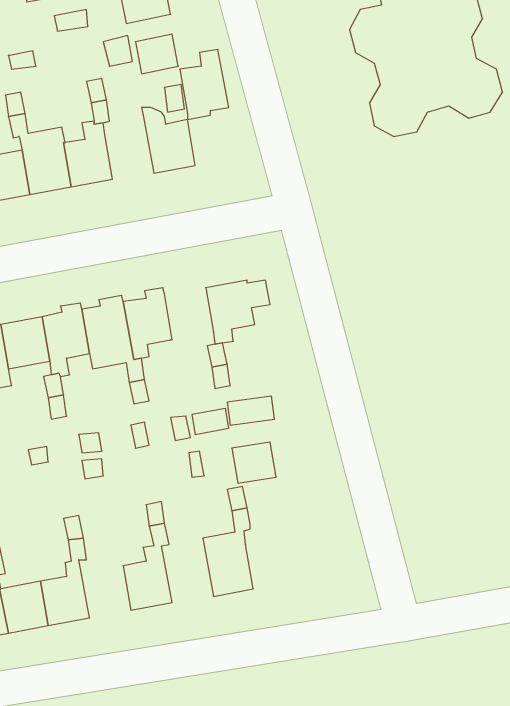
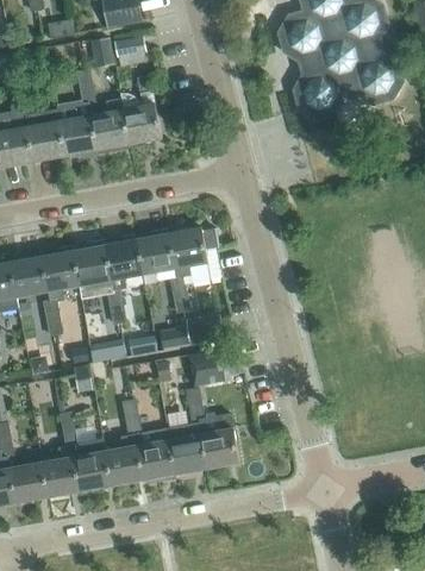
building: [180,49,229,120] -> [90,99,129,153]
building: none -> [137,228,175,284]
building: none -> [199,413,239,468]
building: none -> [135,428,175,484]
building: none -> [70,439,111,490]

